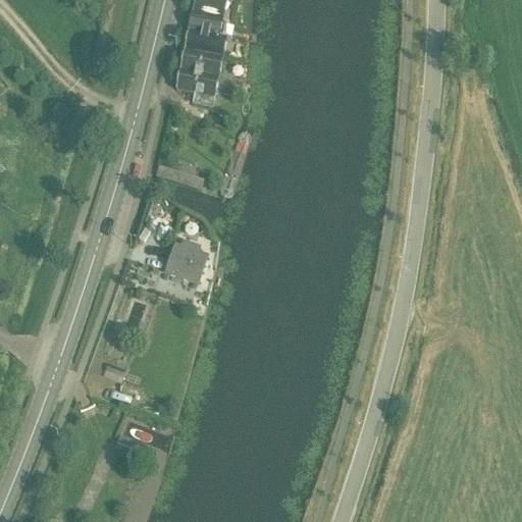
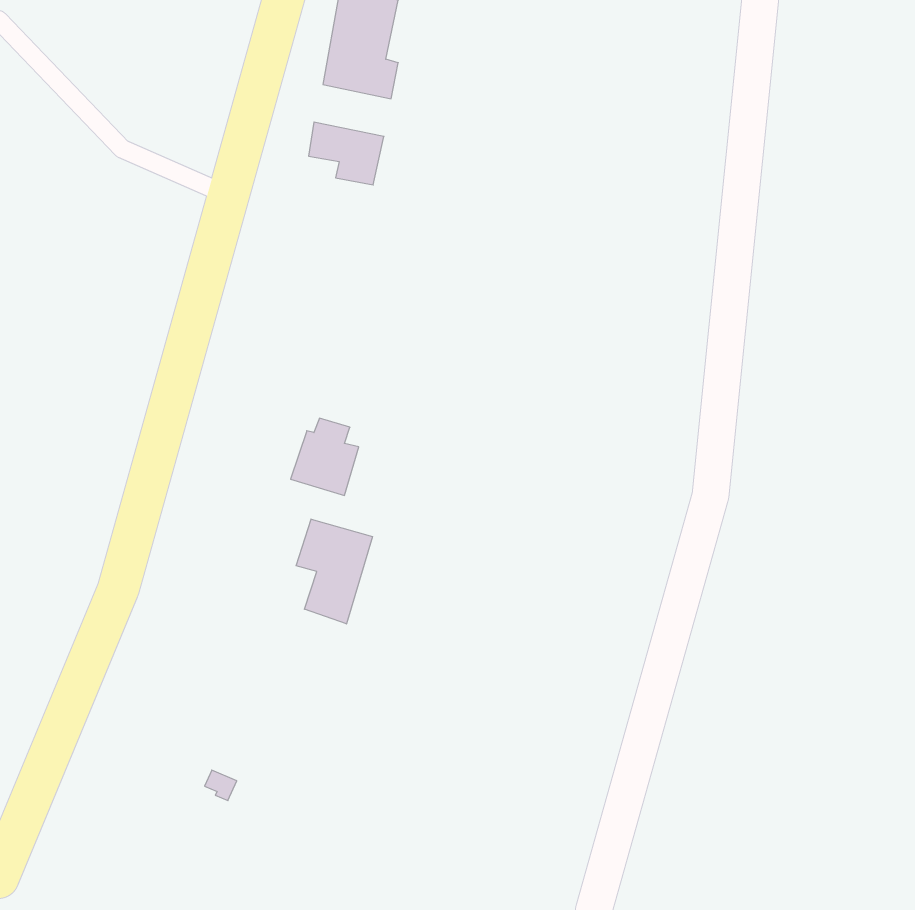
building: [178,48,222,77] -> none
building: none -> [296,519,373,624]

